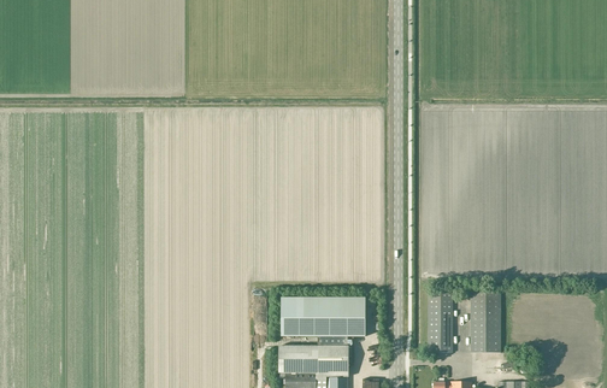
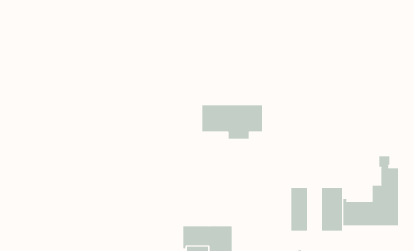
building: none -> [343,156,398,226]
building: [281,299,365,346] -> [201,105,263,139]

